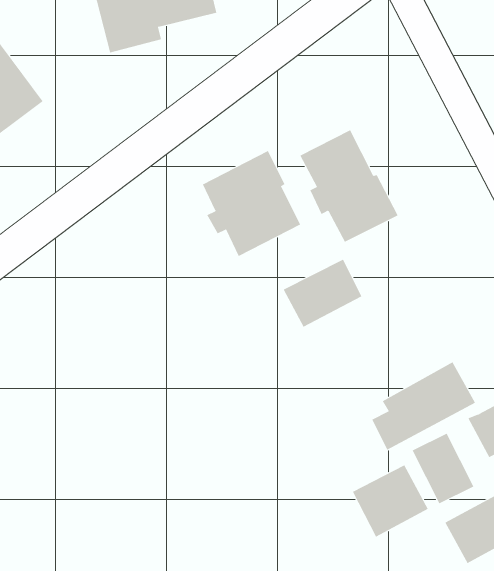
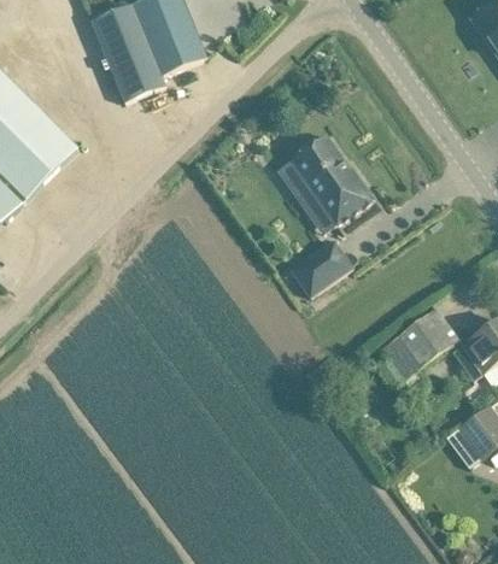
building: [202,150,301,257] -> none
building: [412,433,474,504] -> none
building: [352,465,429,537] -> none

